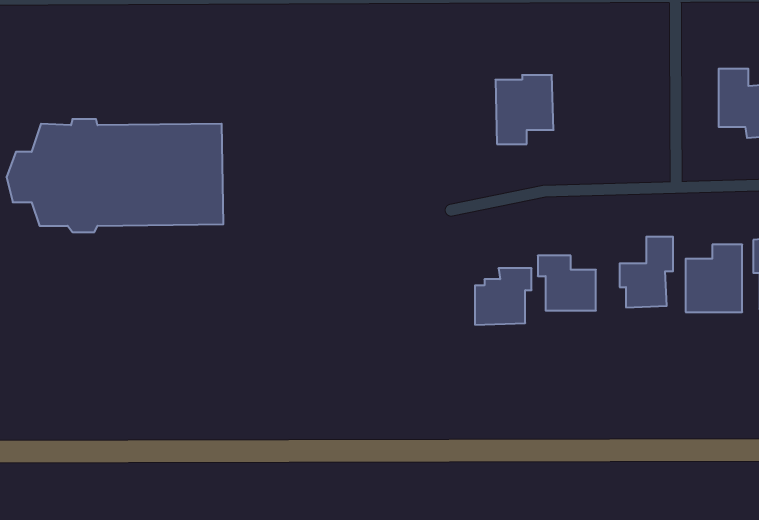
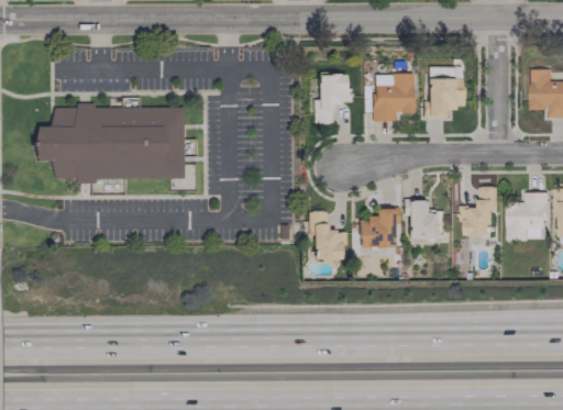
building: none -> [316,75,352,124]
building: none -> [424,78,465,119]
building: none -> [309,211,347,259]

